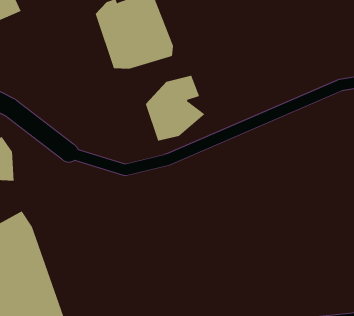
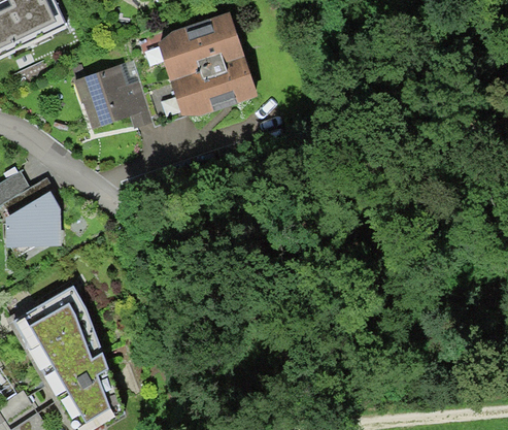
building: none -> [71,58,151,127]
building: [145,75,206,142] -> none

